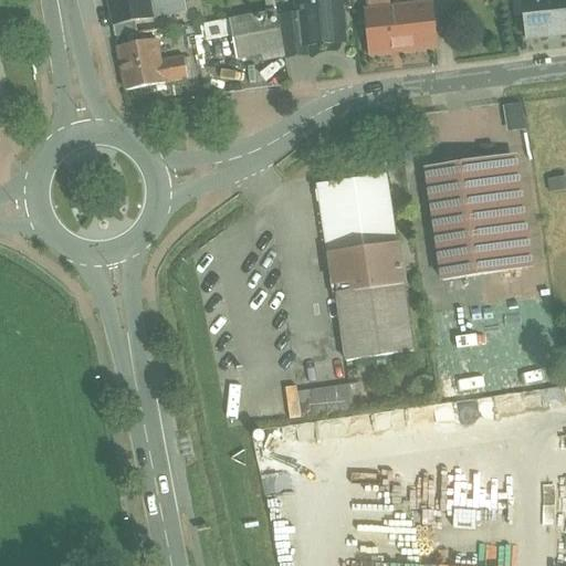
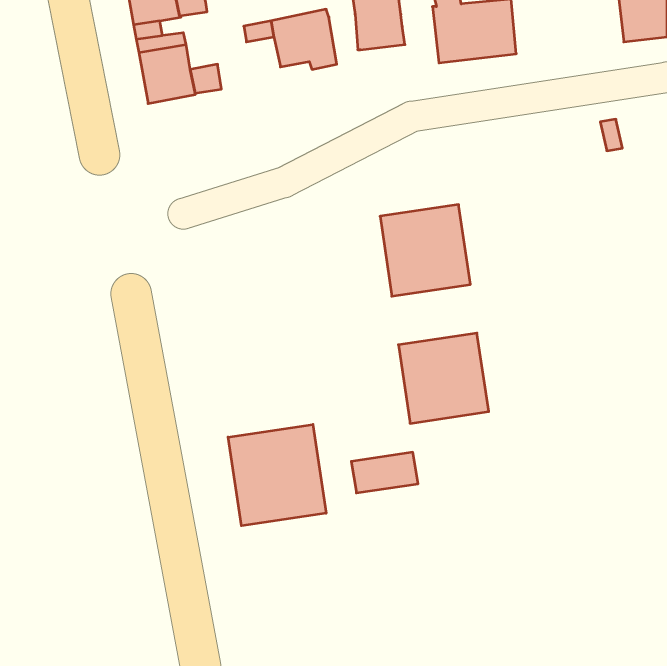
building: [277,12,305,54] -> none
building: [426,153,530,276] -> none
building: [331,240,402,291] -> none
building: none -> [228,424,326,526]

